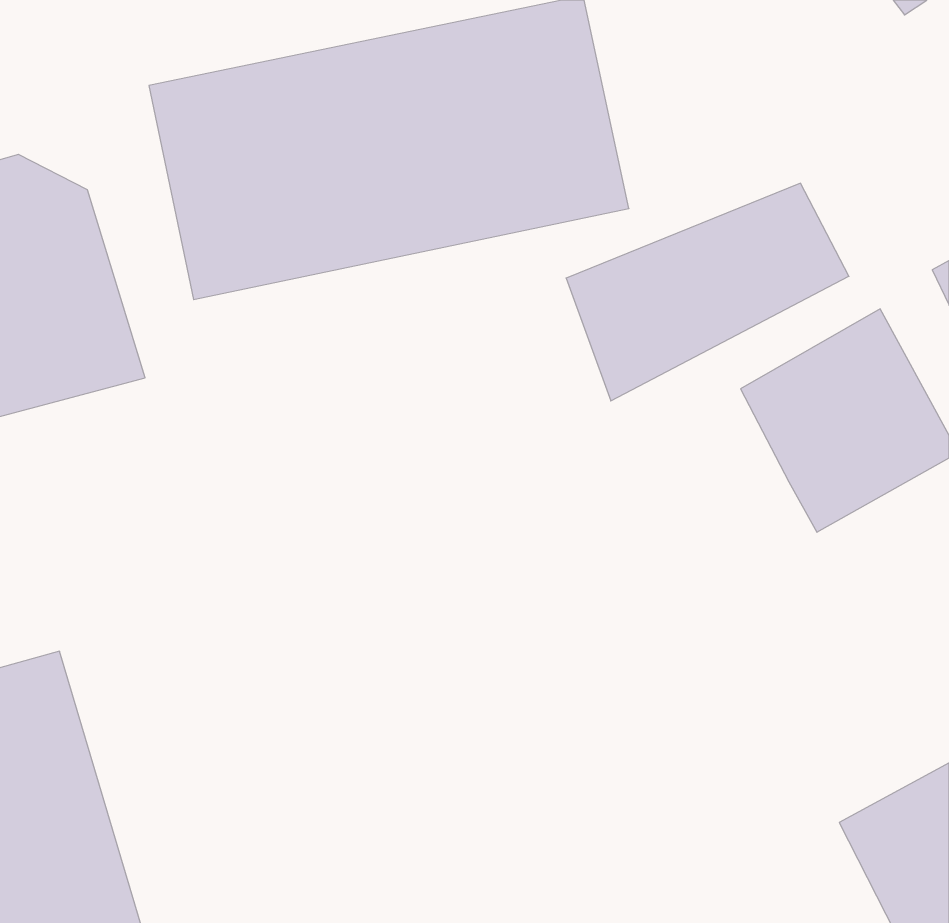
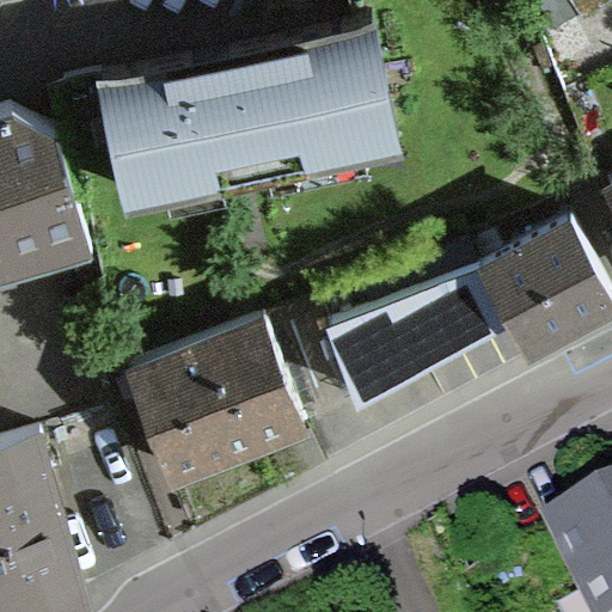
building: [566,183,849,401] -> [325,268,507,408]
building: none -> [122,322,308,494]

